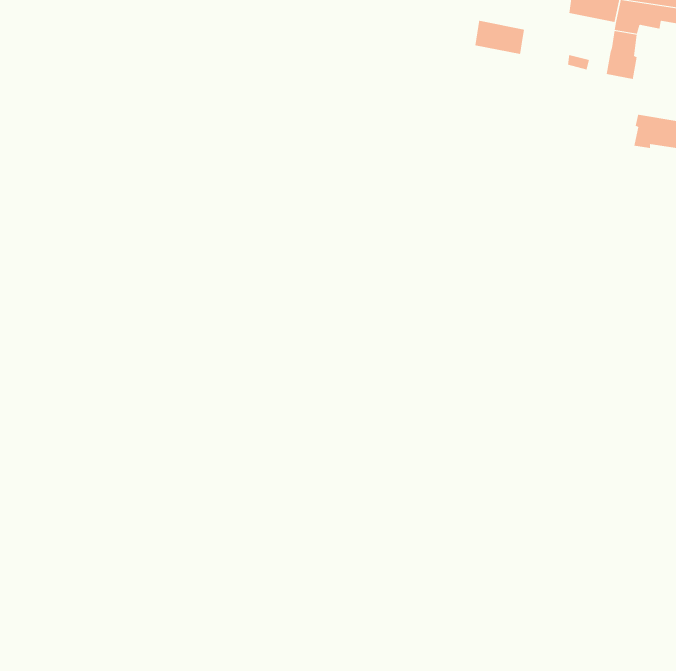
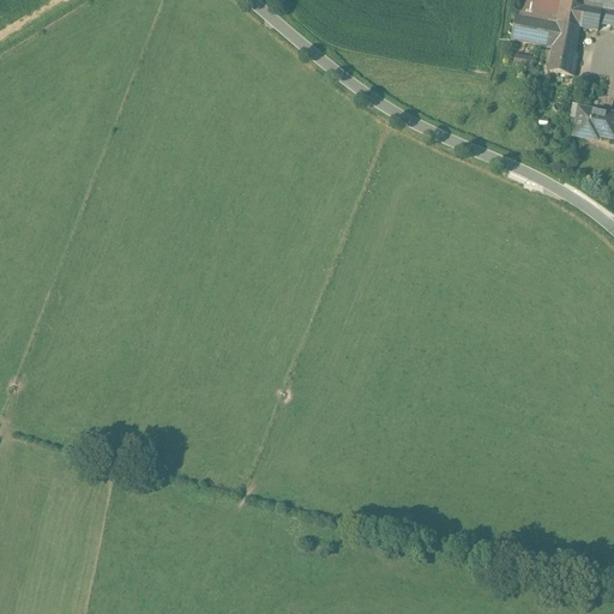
building: [474,20,525,55] -> [512,12,558,43]

